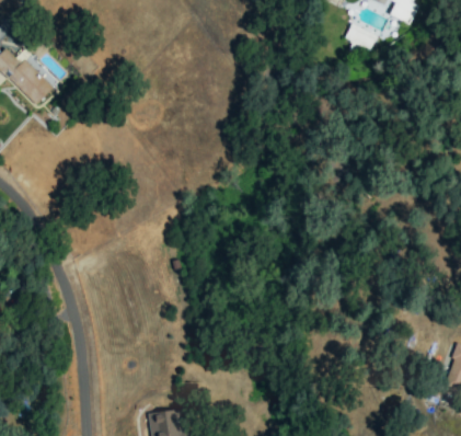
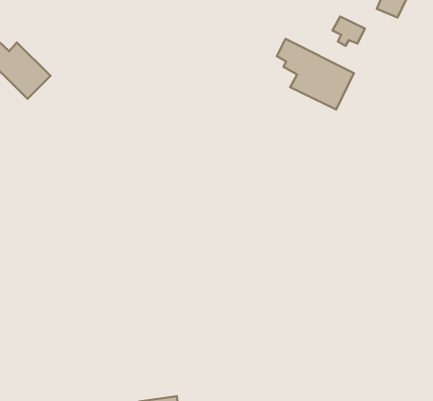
building: none -> [277,39,354,109]

